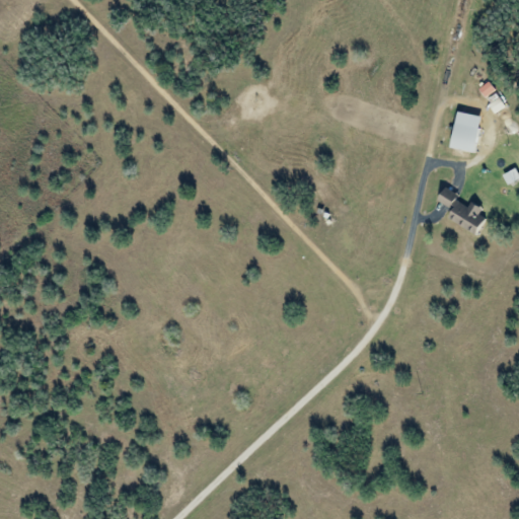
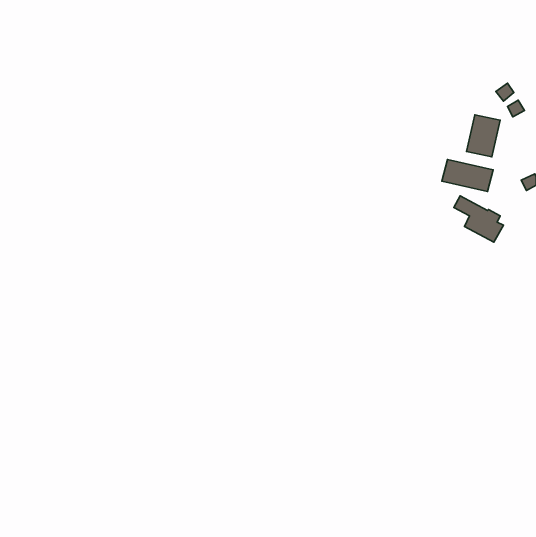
building: none -> [442,159,493,192]

